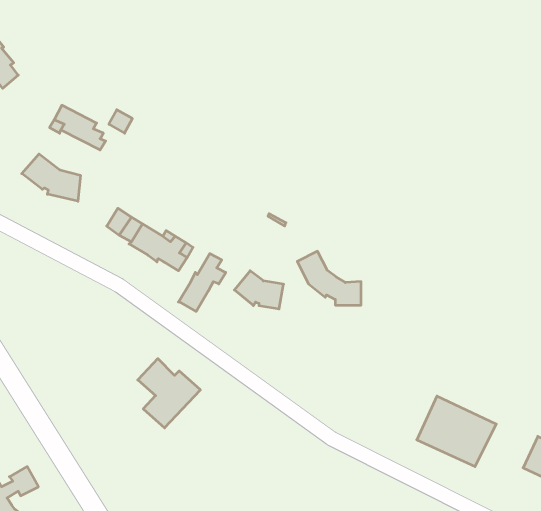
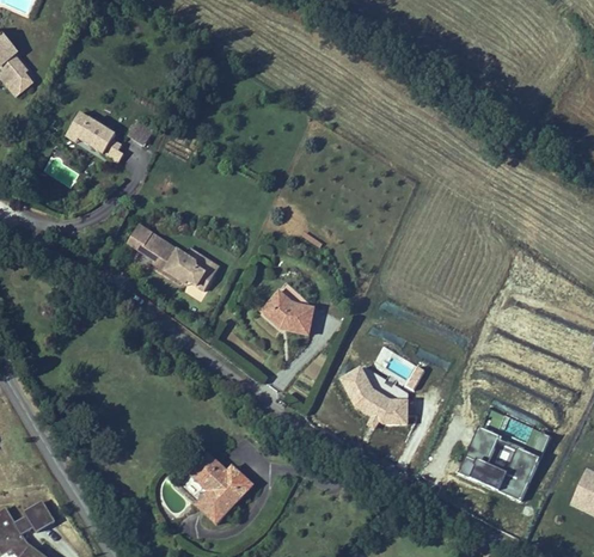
building: [22,154,80,201] -> none
building: [297,251,361,305] -> [341,363,409,421]
building: [178,254,226,311] -> none
building: [138,359,200,428] -> [186,452,253,526]

